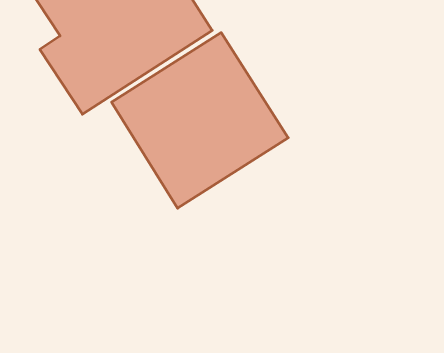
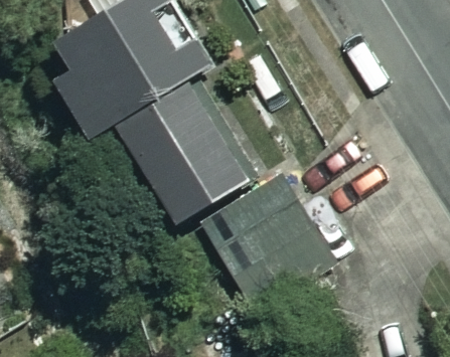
building: none -> [201,177,334,314]

